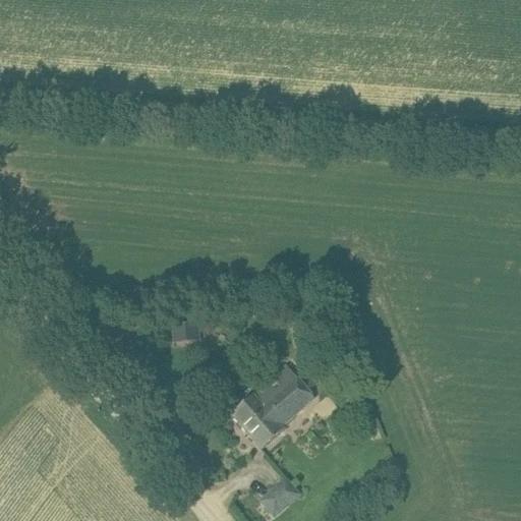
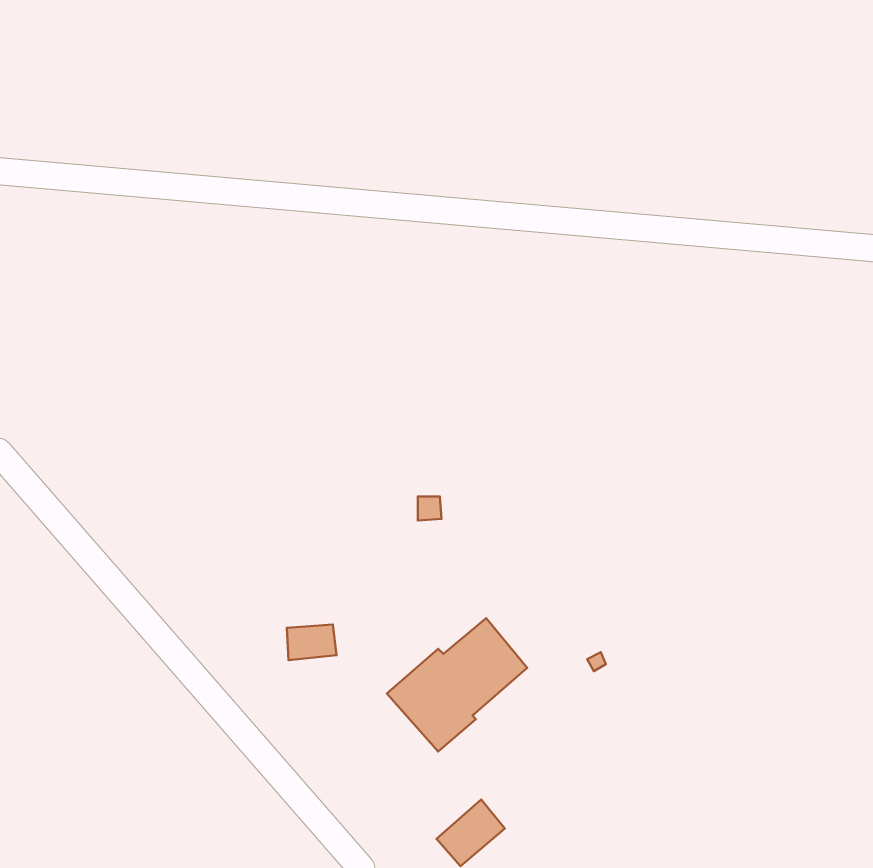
building: [170,320,199,341] -> [287,624,336,660]

